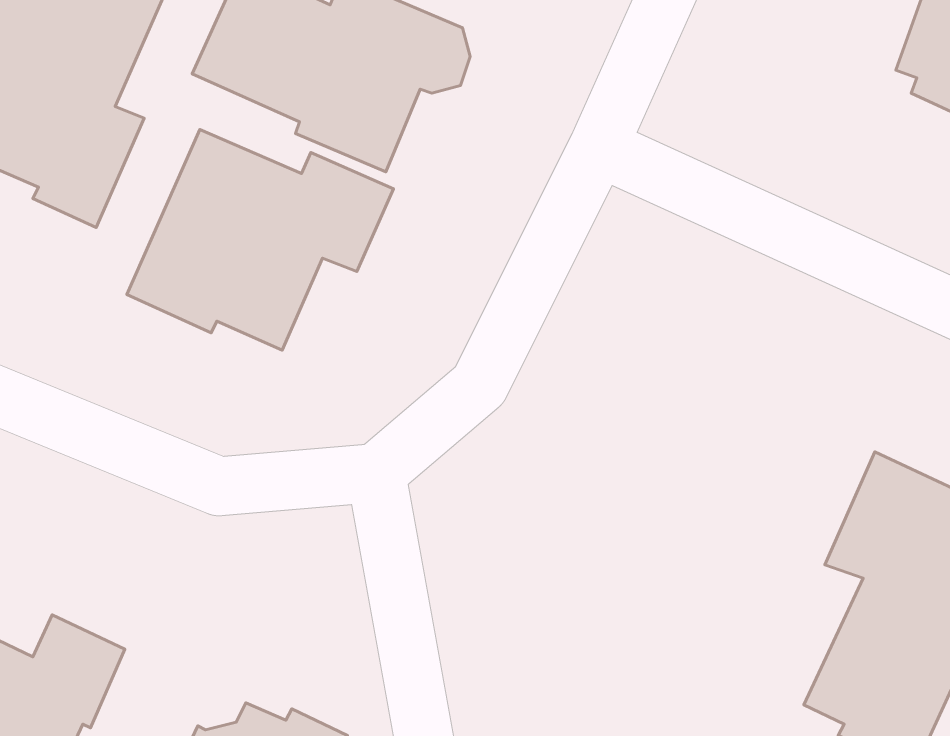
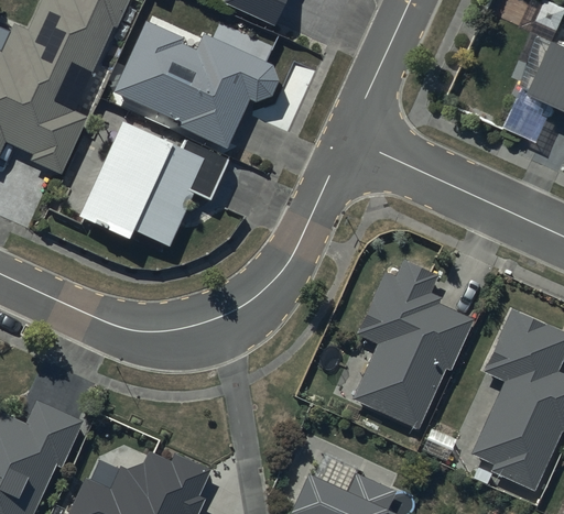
building: none -> [351,259,473,428]

